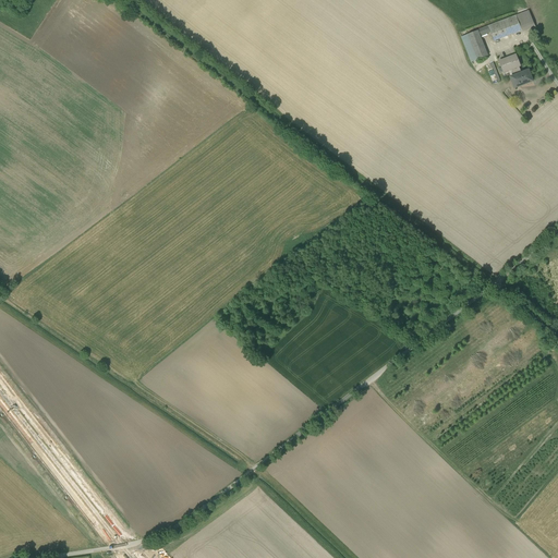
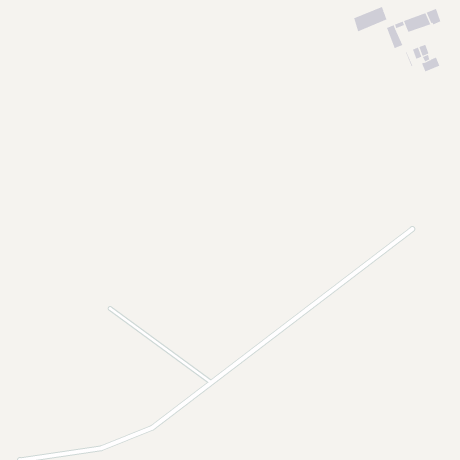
building: none -> [354,6,387,32]

